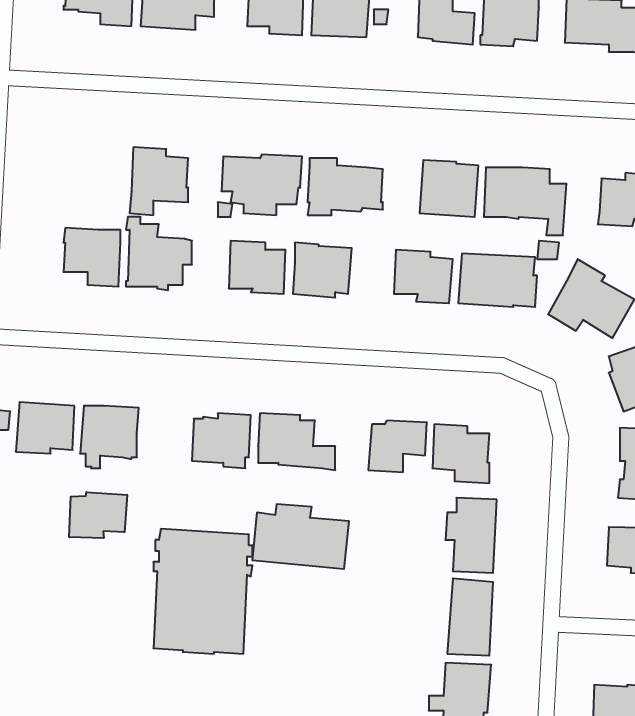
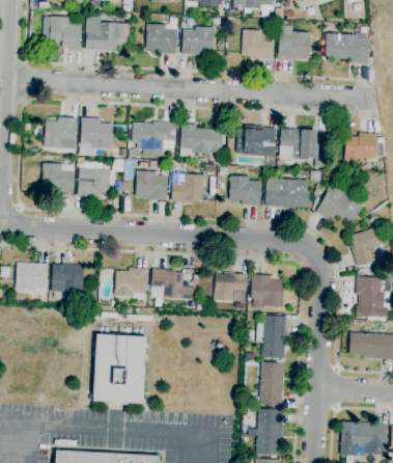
building: none -> [44,116,77,148]
building: [69,492,127,538] -> none
building: [252,504,349,569] -> none

